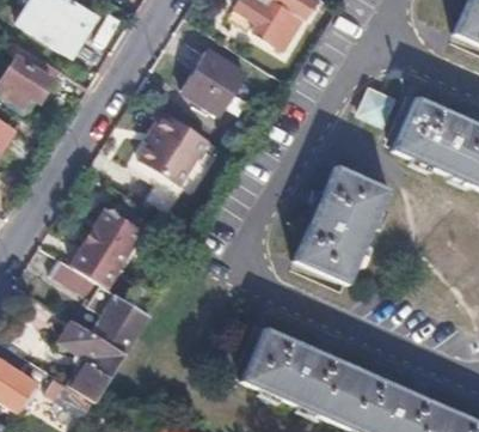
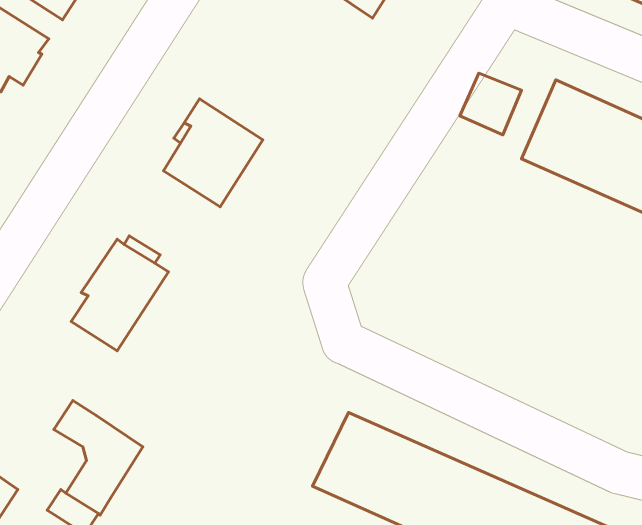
building: [183,50,247,114] -> none
building: [294,165,387,285] -> none
building: [50,256,148,352] -> none

